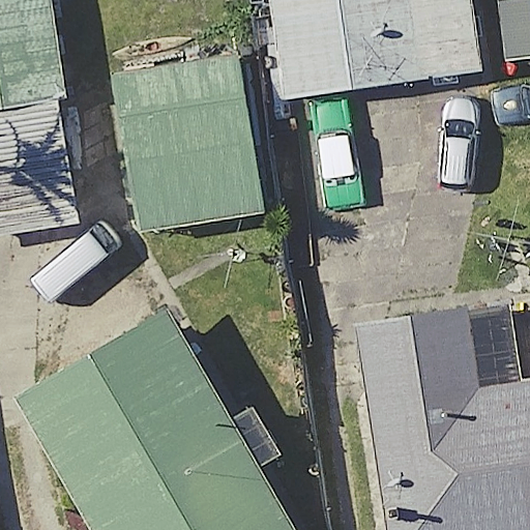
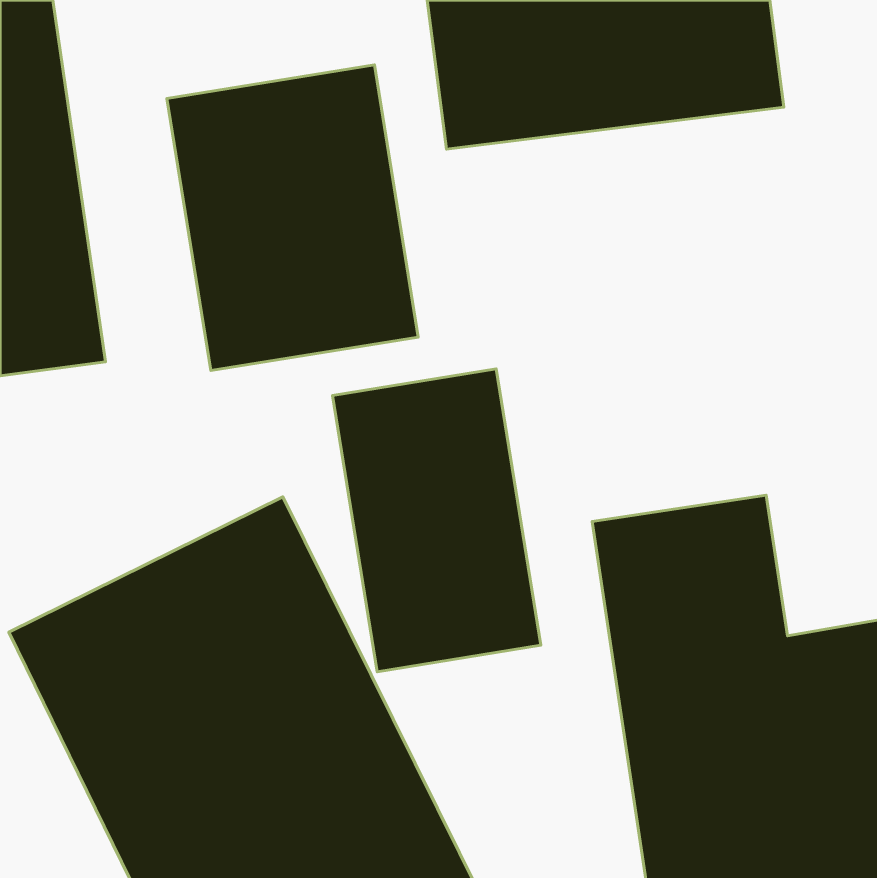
building: none -> [332,369,541,672]

